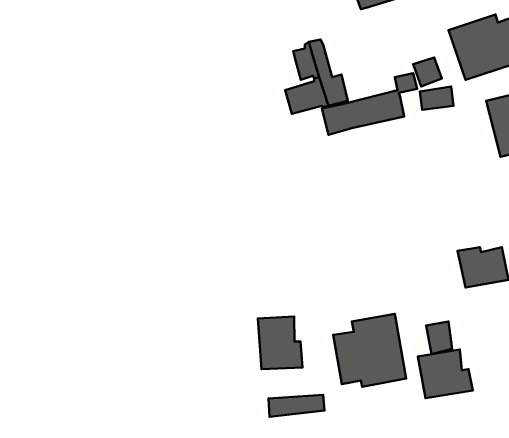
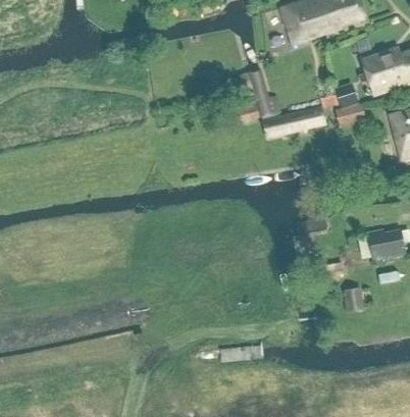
building: [333,314,406,387] -> none
building: [258,317,302,369] -> none
building: [418,349,473,398] -> none

